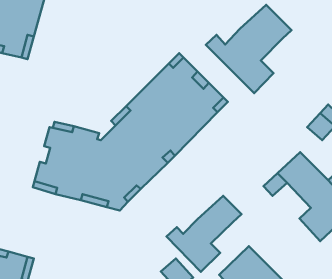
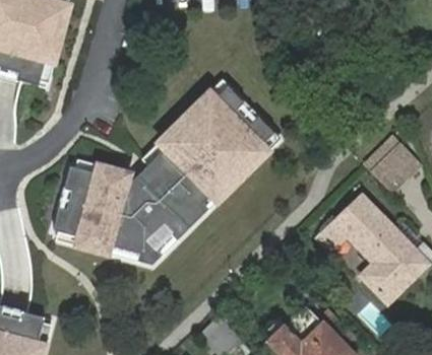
building: [206,5,292,93] -> none
building: [166,196,242,272] -> none

